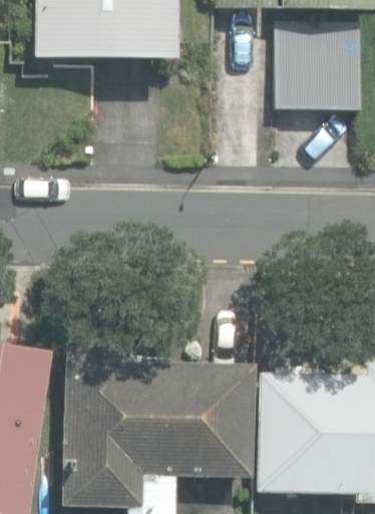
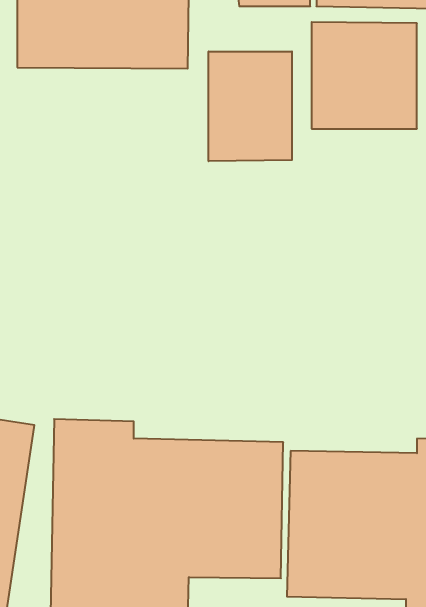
building: none -> [209,51,292,161]

